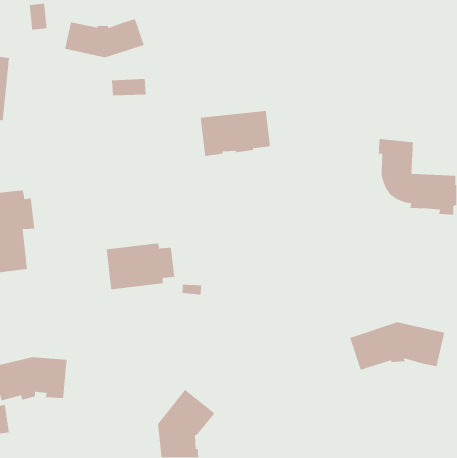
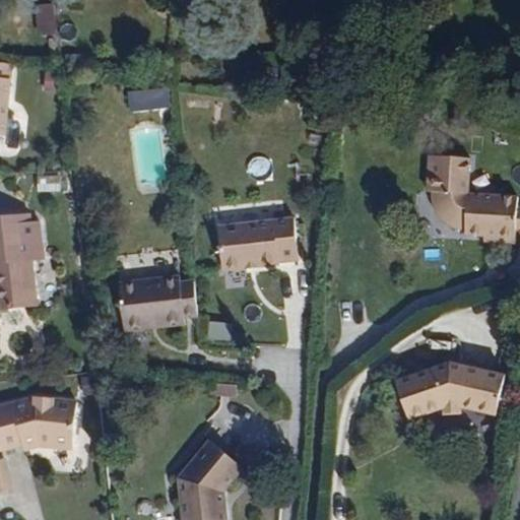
building: [64,18,145,58] -> none
building: [200,110,271,157] -> [218,215,299,268]

